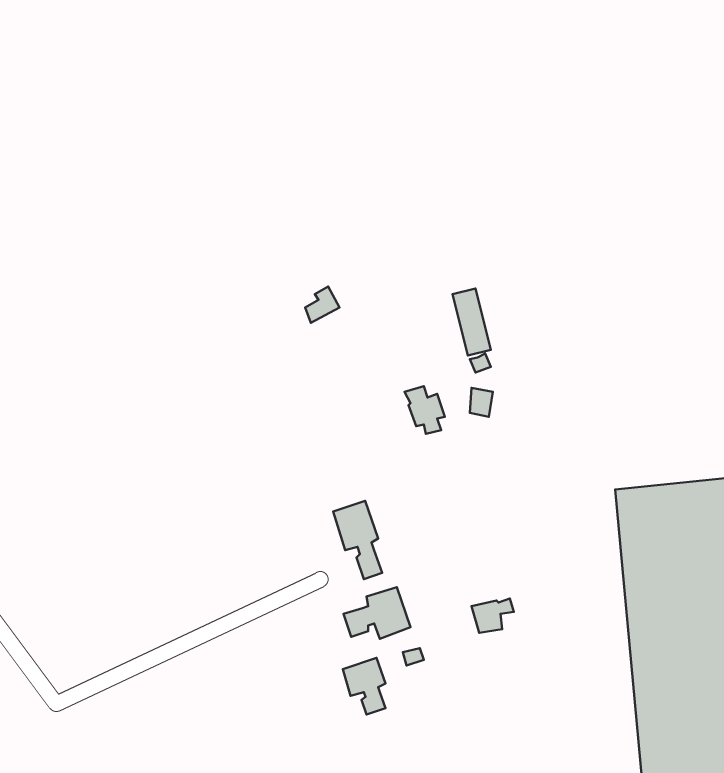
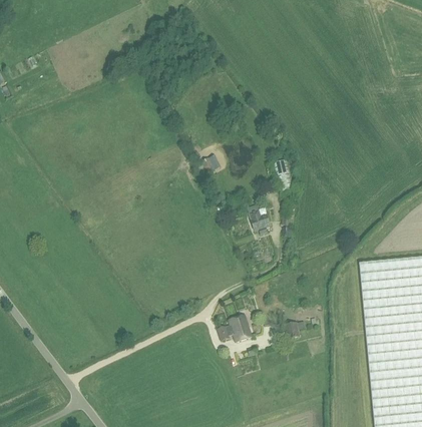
building: [333,501,382,579] -> none
building: [343,658,386,714] -> none

